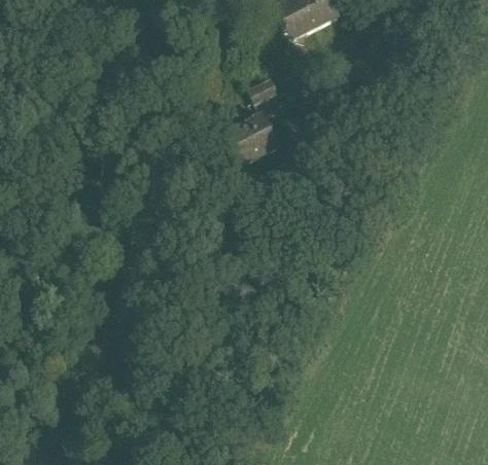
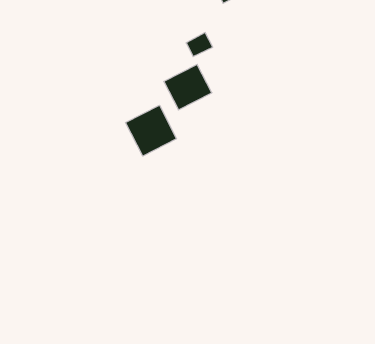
building: none -> [126,105,176,156]

